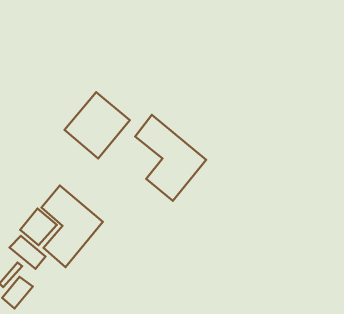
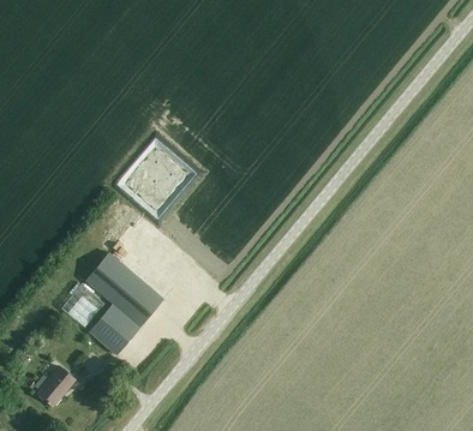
building: [135,115,206,201] -> none
building: [9,236,46,269] -> none

